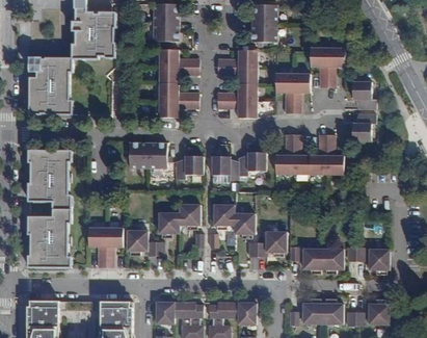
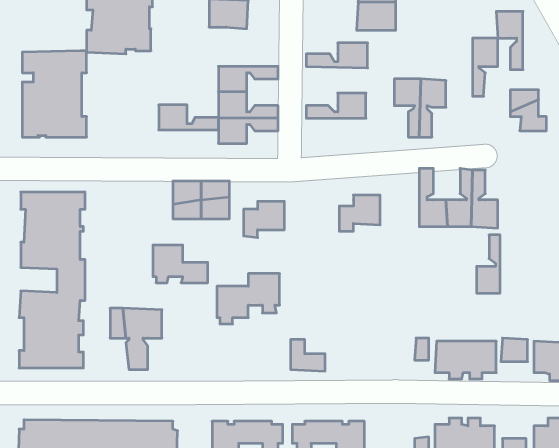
building: [310,47,327,85] -> [496,11,523,70]
building: [159,49,198,66] -> [159,105,218,130]
building: [217,66,258,83] -> none
building: [217,100,257,118] -> none
building: [352,113,376,140] -> none
building: [276,133,292,172] -> [477,235,500,293]
building: [212,155,239,179] -> none
building: [212,203,255,237] -> none
building: [127,229,163,254] -> [153,245,208,283]
building: [248,230,286,256] -> none

